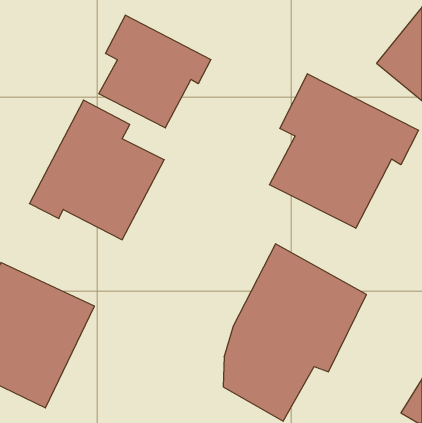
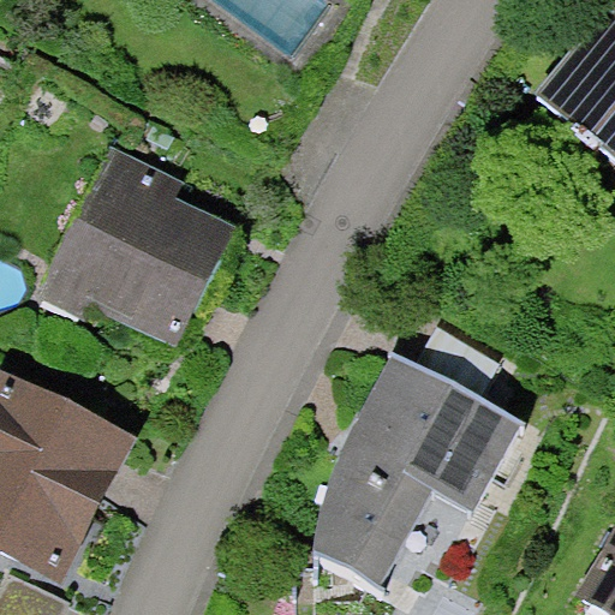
building: [99,15,211,128] -> none
building: [269,74,419,228] -> none

